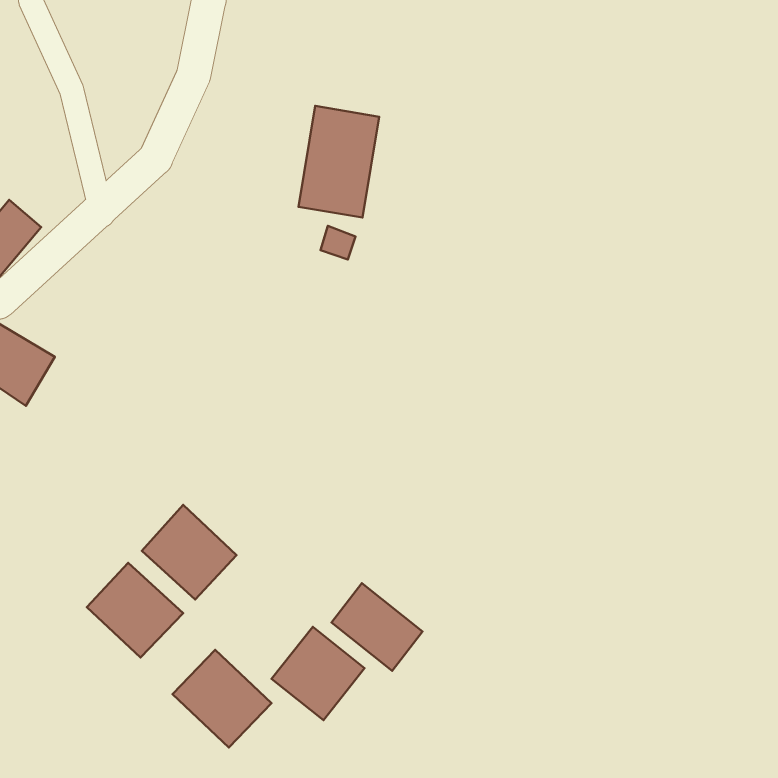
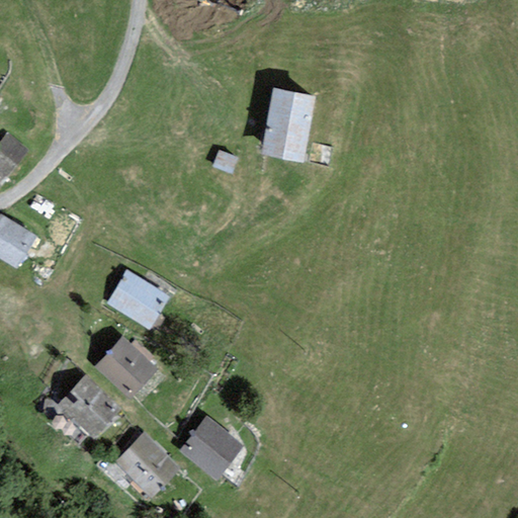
building: [298,106,379,217] -> [260,86,314,160]
building: none -> [105,270,169,330]
building: [332,583,423,671] -> none

